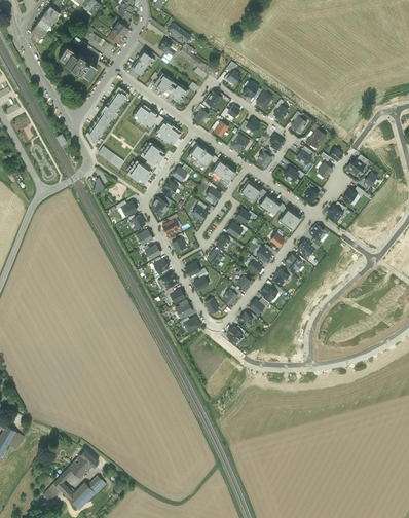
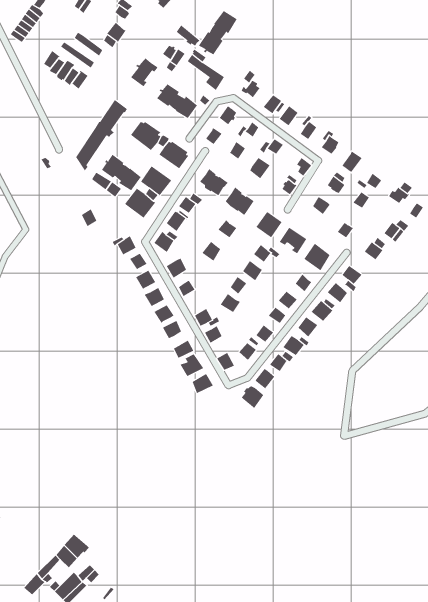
building: none -> [198,10,238,55]
building: none -> [101,154,141,191]

